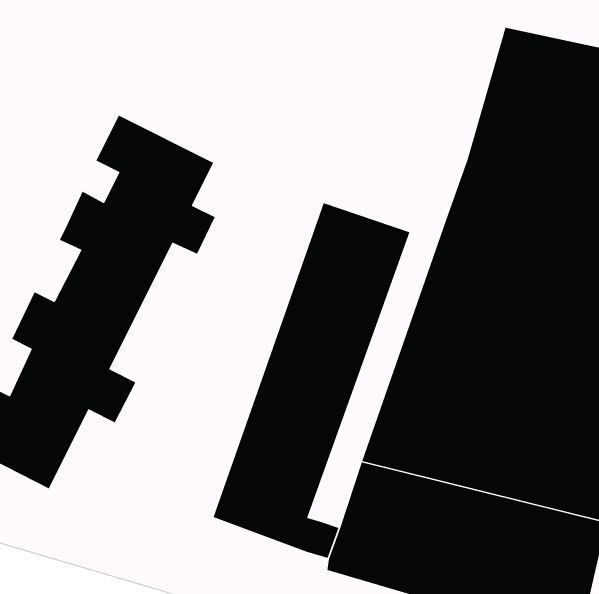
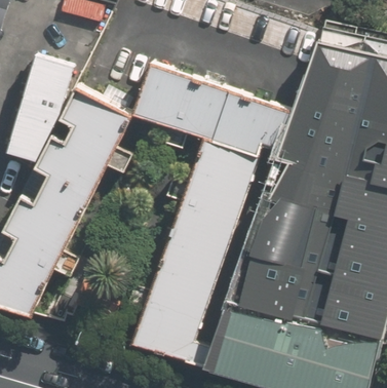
building: none -> [10,52,77,158]
building: none -> [136,66,293,159]

